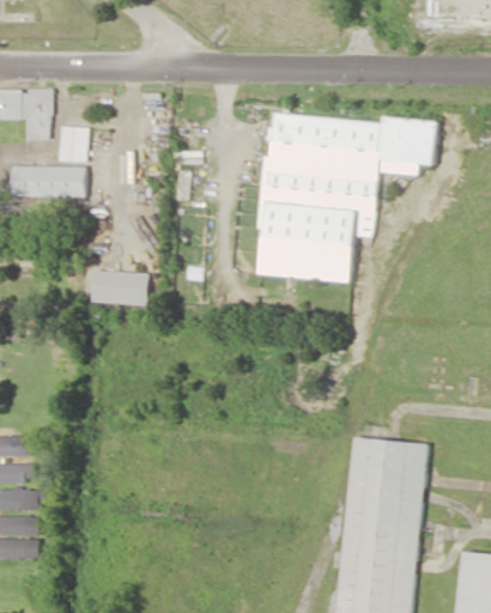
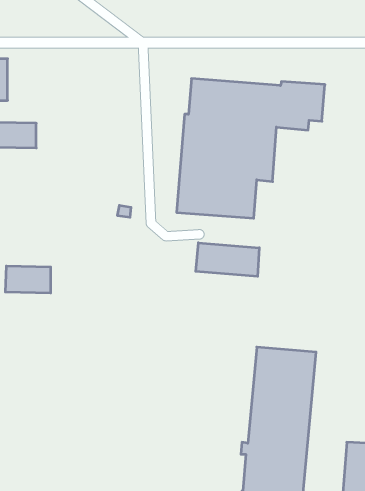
building: [59,126,87,162] -> none
building: [92,271,147,303] -> [5,266,51,293]
building: none -> [196,243,259,276]

